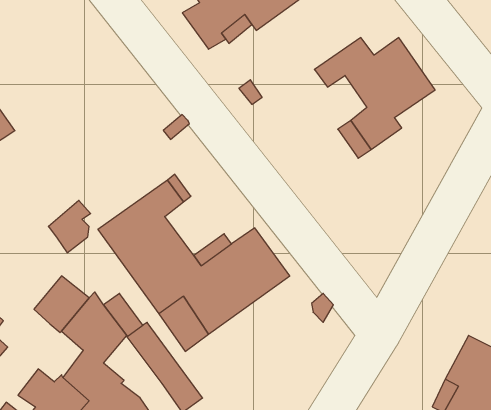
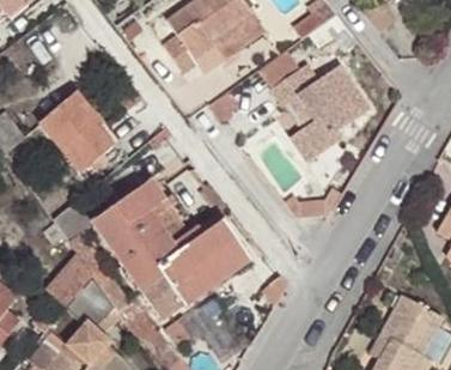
building: none -> [38,91,116,174]

